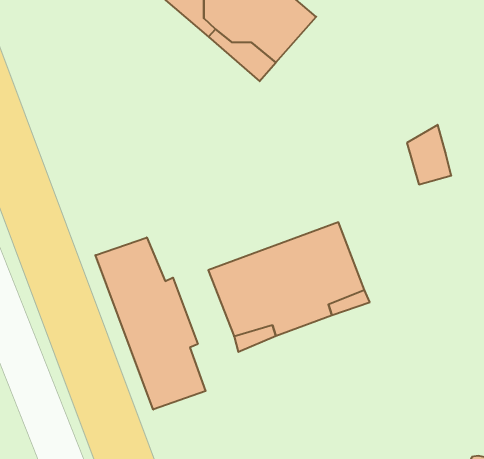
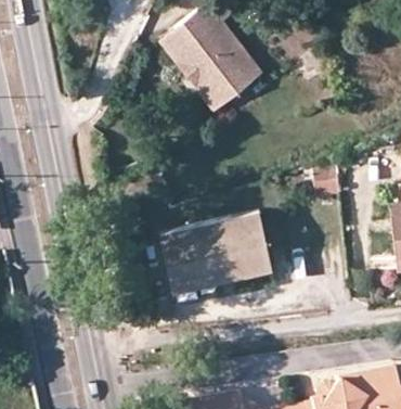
building: [95,237,206,410] -> none

